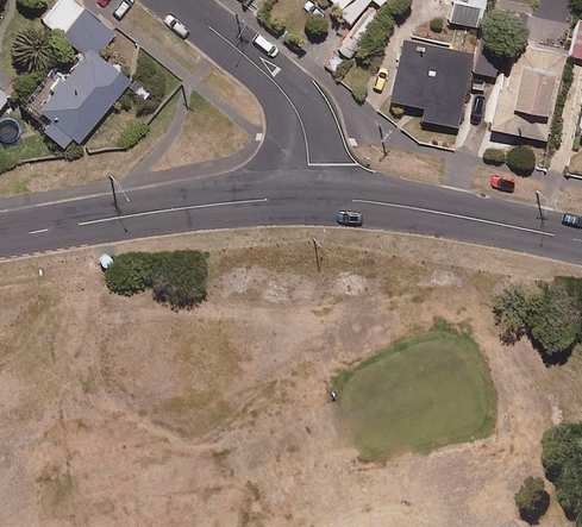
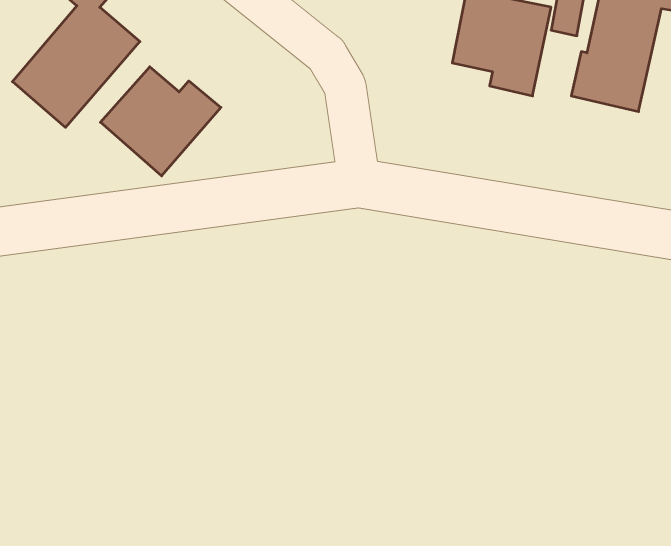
building: none -> [100,67,221,176]

